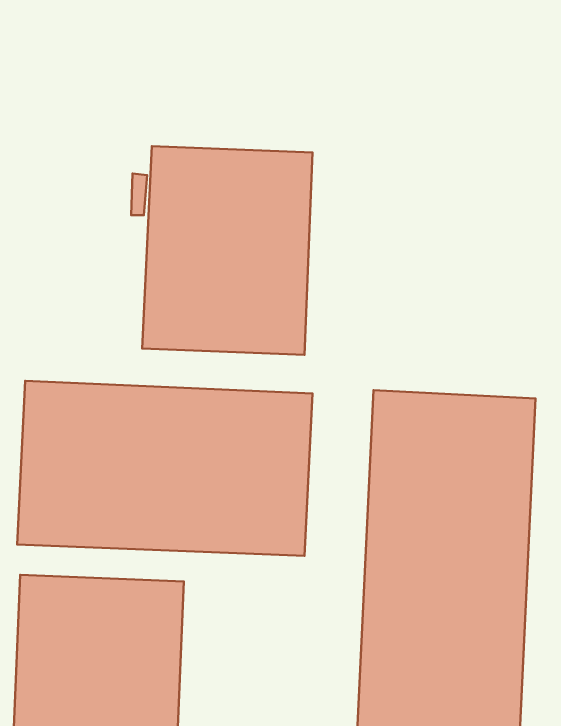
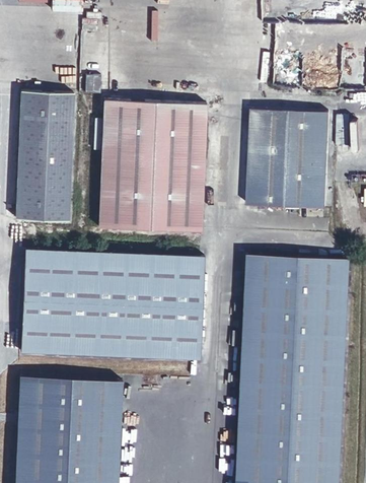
building: none -> [16,92,74,221]
building: none -> [247,110,331,209]

